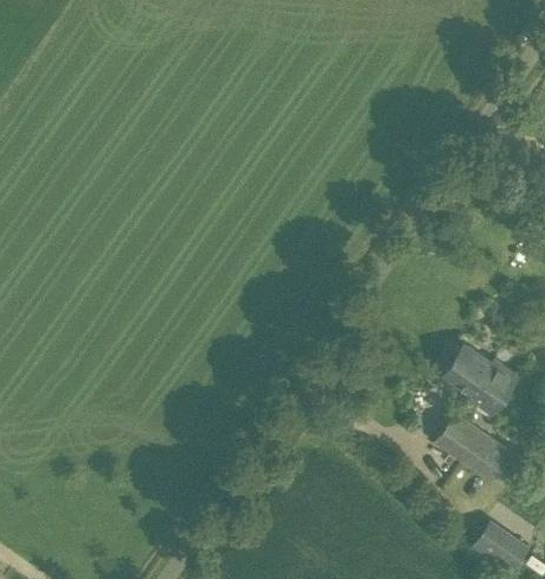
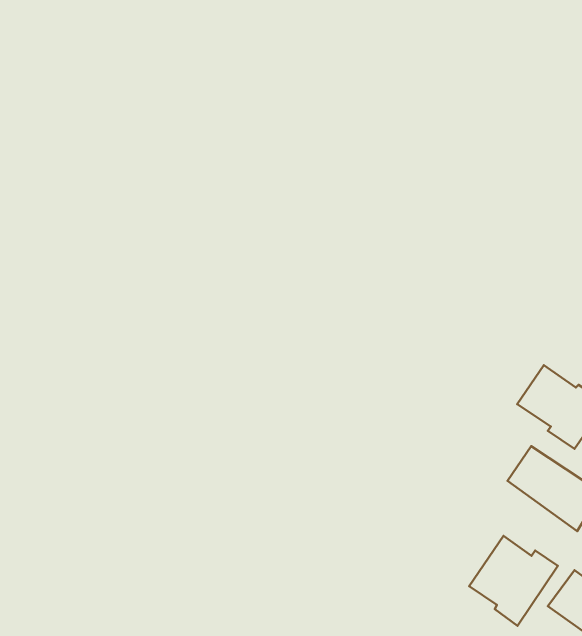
building: none -> [469,536,558,626]

